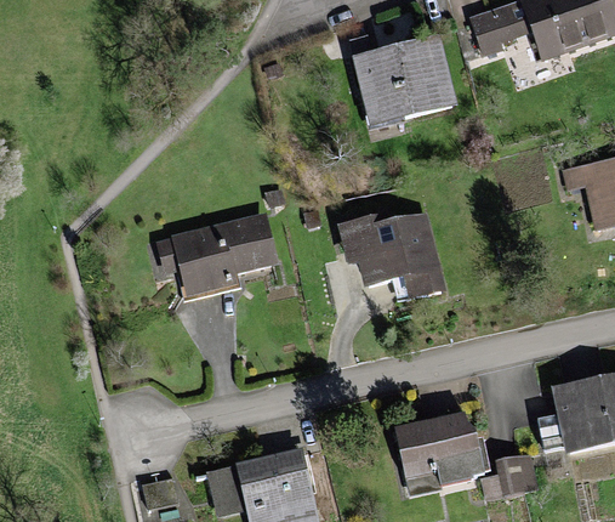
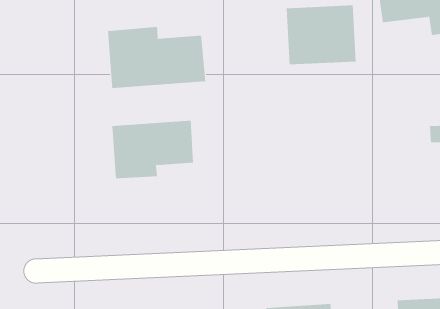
building: none -> [107,26,206,89]
building: [338,211,444,296] -> none

